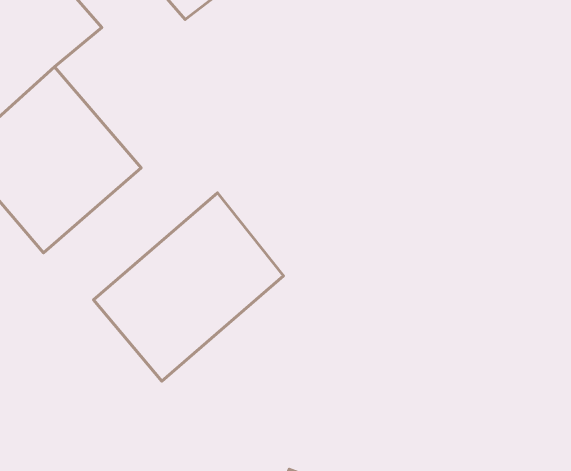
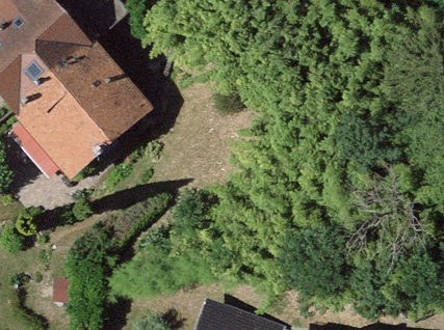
building: [93,193,284,381] -> none

